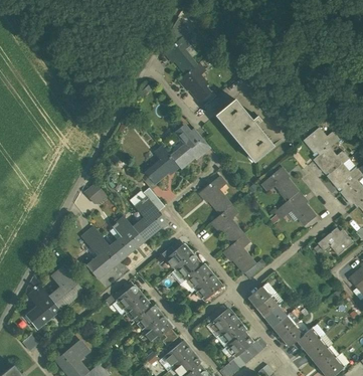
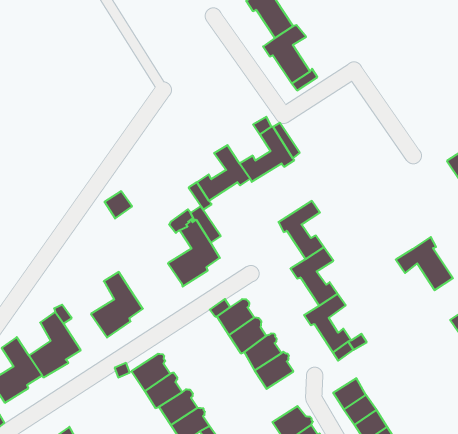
building: [215,99,274,161] -> none
building: [261,167,300,200] -> none
building: [109,216,142,259] -> none

